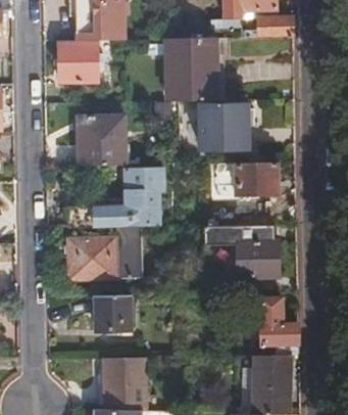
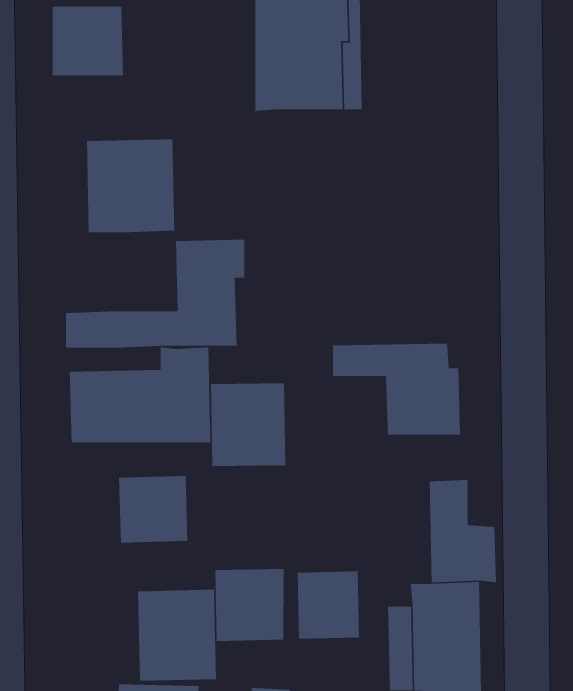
building: [201,103,247,146] -> none
building: [238,164,278,194] -> none
building: none -> [210,382,286,467]
building: none -> [214,568,285,642]
building: none -> [297,571,360,640]

